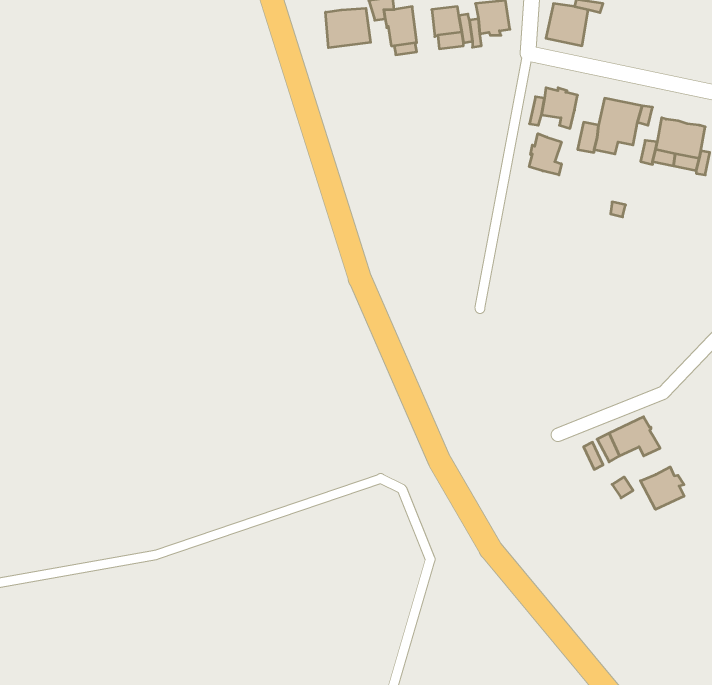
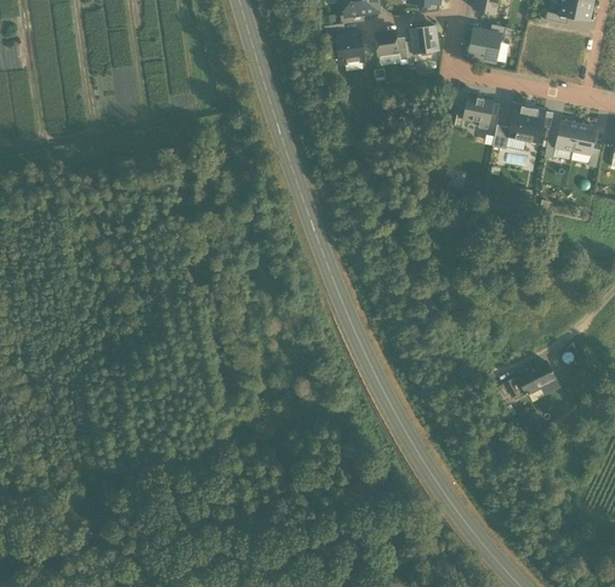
building: [326,8,371,48] -> none
building: [529,134,561,175] -> none
building: [640,467,684,509] -> none

